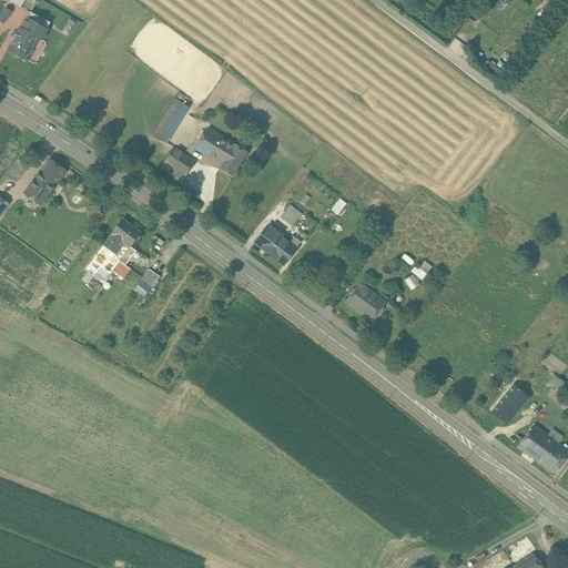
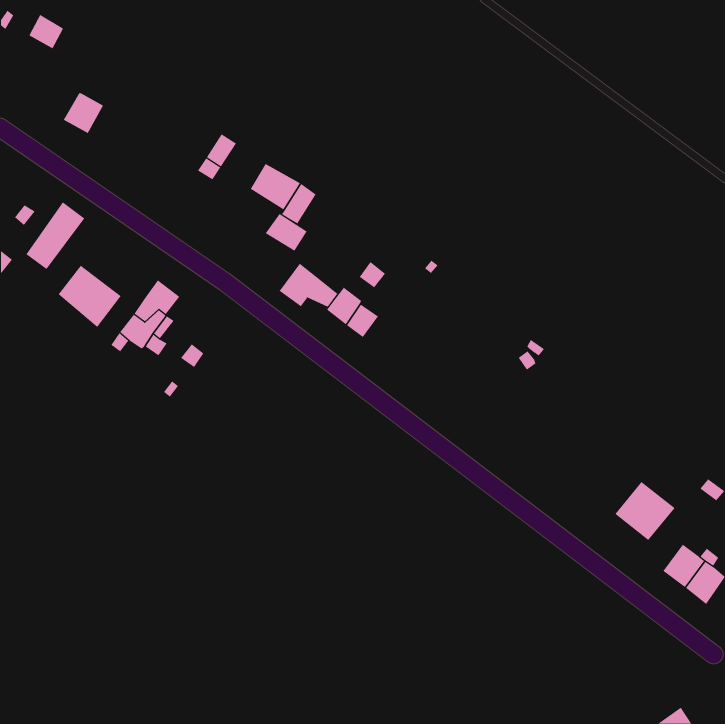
building: [8,28,40,60] -> [63,93,104,134]
building: [163,146,196,176] -> [265,213,307,252]
building: none -> [279,263,338,308]
building: none -> [58,265,121,328]
building: [346,283,386,321] -> none

